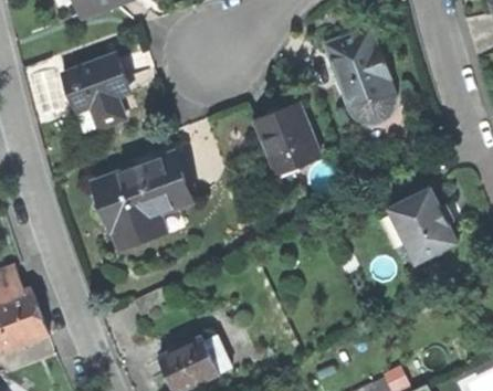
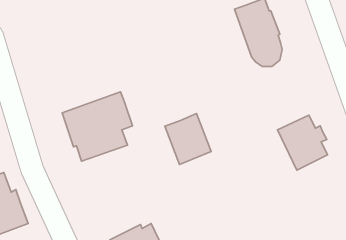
building: [62,57,127,137] -> none
building: [254,104,317,173] -> [165,113,211,164]

